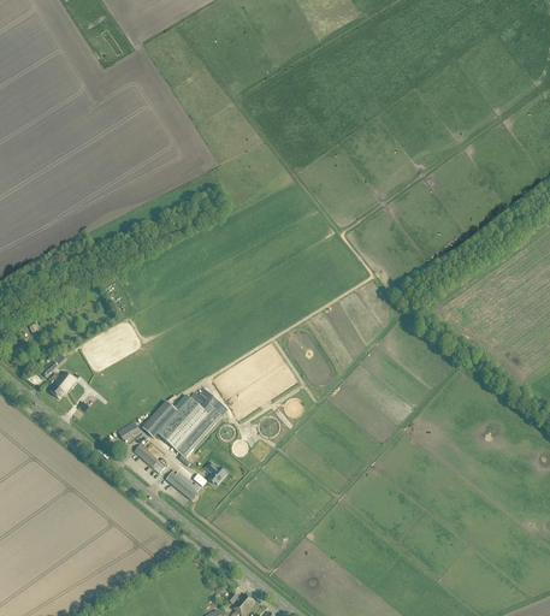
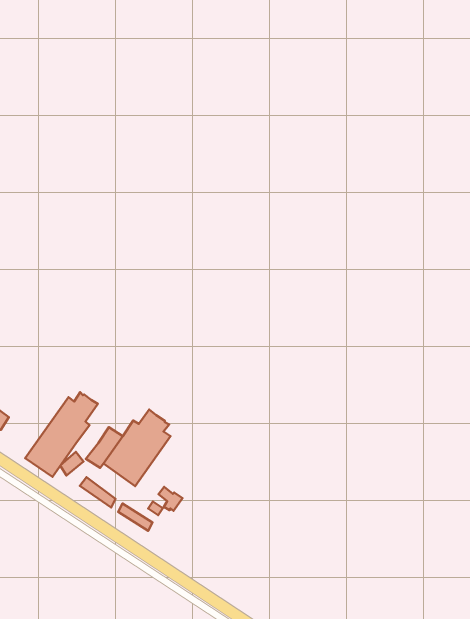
building: none -> [25,392,98,477]

